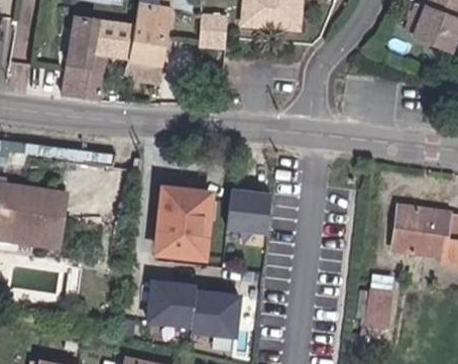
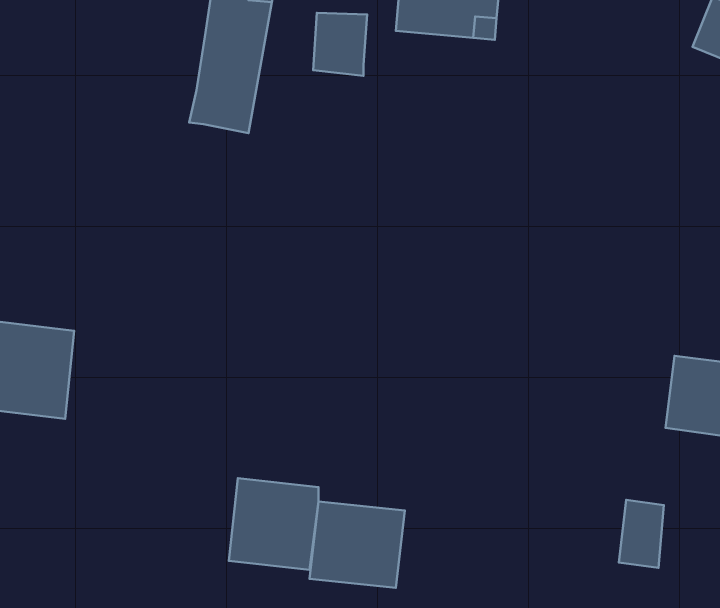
building: [62,15,134,99] -> none
building: [226,185,273,235] -> none
building: [158,189,208,254] -> none

